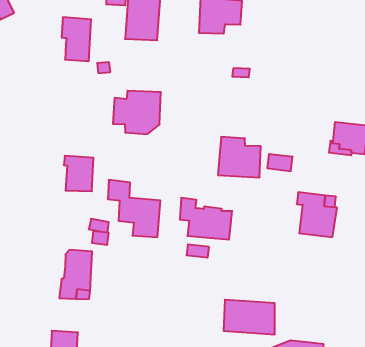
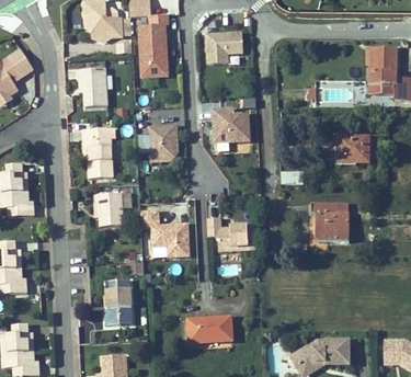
building: none -> [82,127,114,178]
building: [218,137,261,177] -> [209,110,249,146]
building: [224,300,275,334] -> [183,318,232,349]

